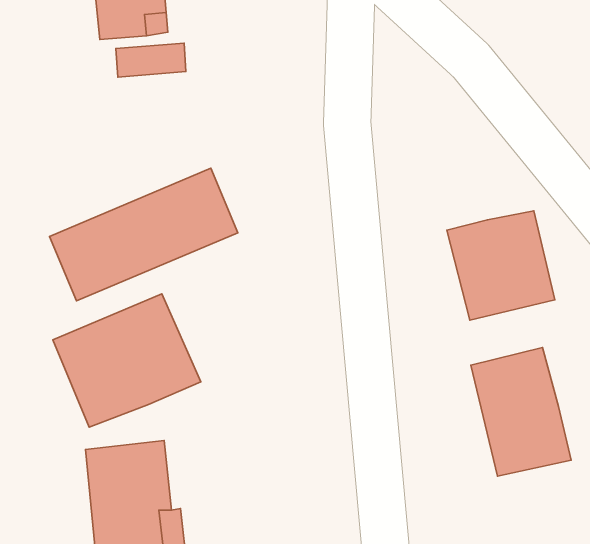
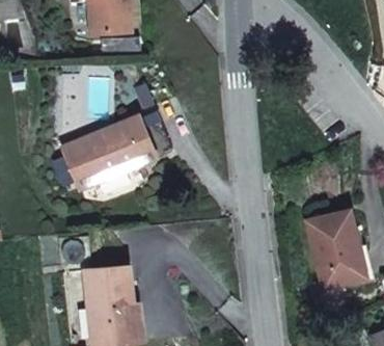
building: [447,211,555,320] -> none
building: [53,294,201,427] -> none

